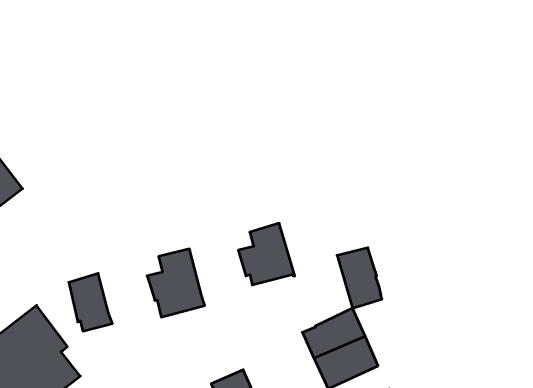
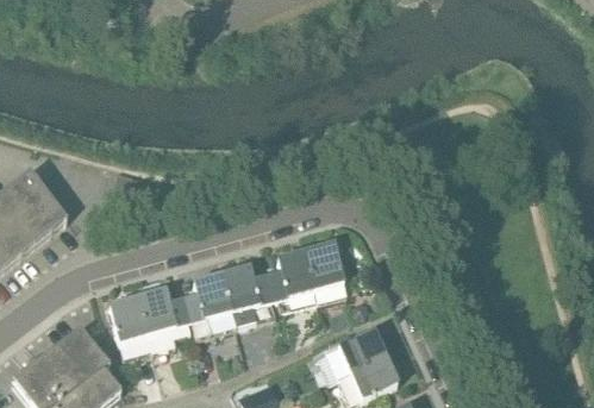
building: none -> [221,265,274,320]
building: [337,248,382,308] -> [305,243,346,299]
building: none -> [137,289,189,343]

